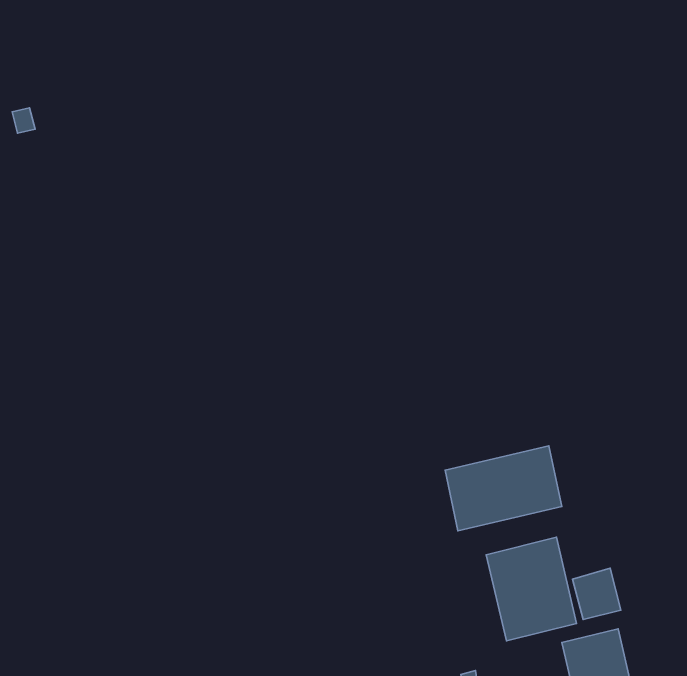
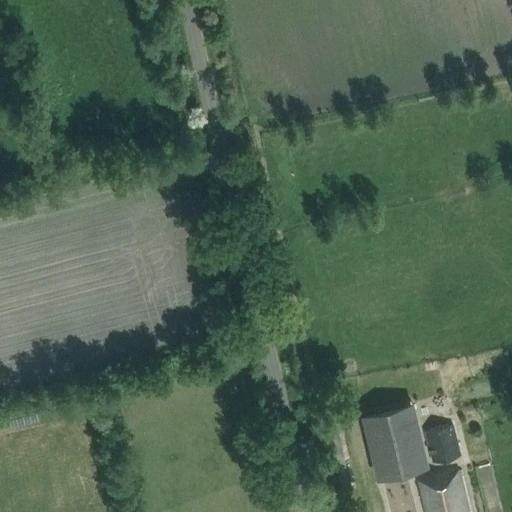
building: [445,446,562,531] -> none

